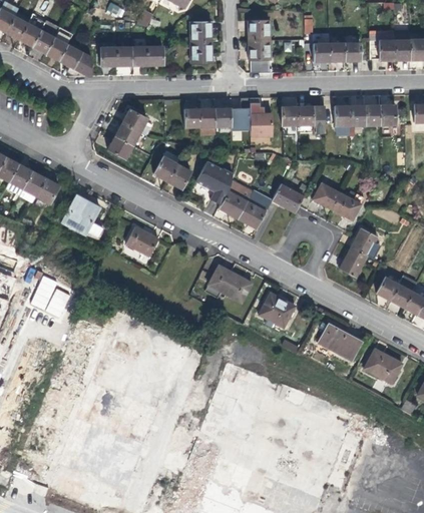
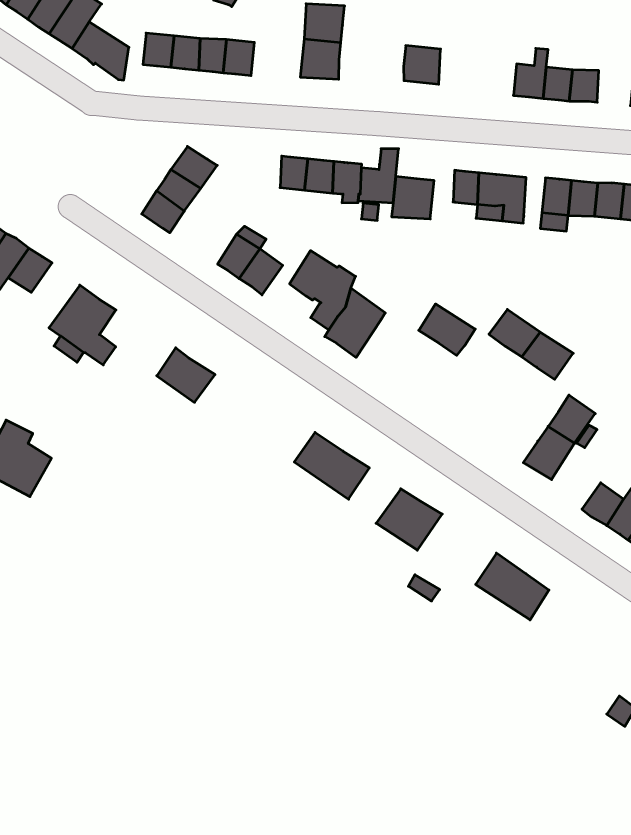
building: [248,21,268,39] -> none
building: [238,196,269,229] -> none
building: [365,348,402,381] -> none

